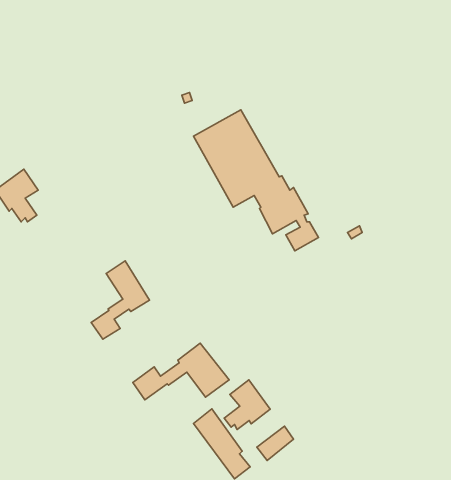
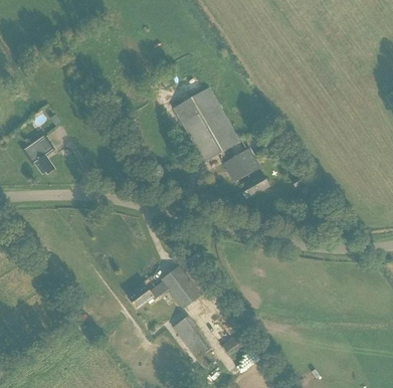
building: [91,261,150,339] -> none
building: [224,380,270,430] -> none

